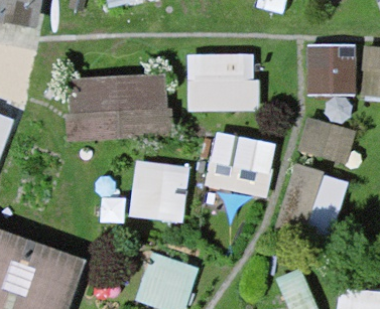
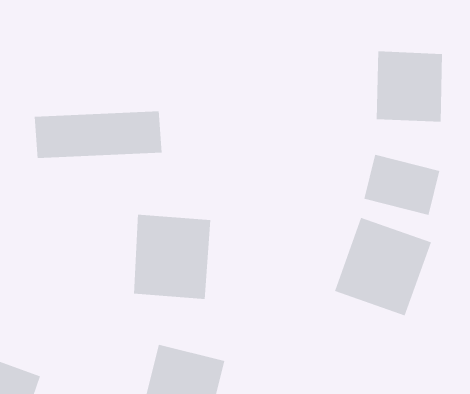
building: [187,51,256,109] -> none
building: [206,131,276,196] -> none

